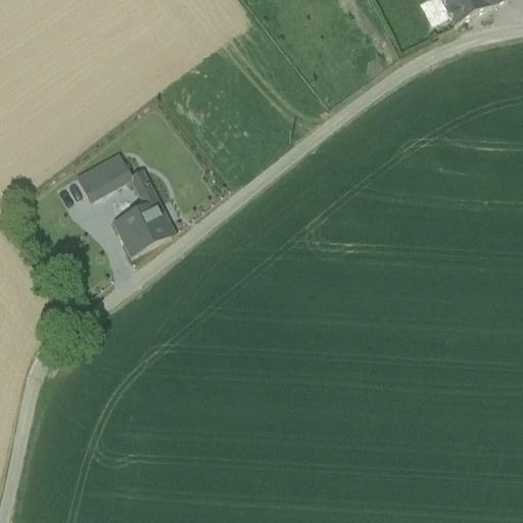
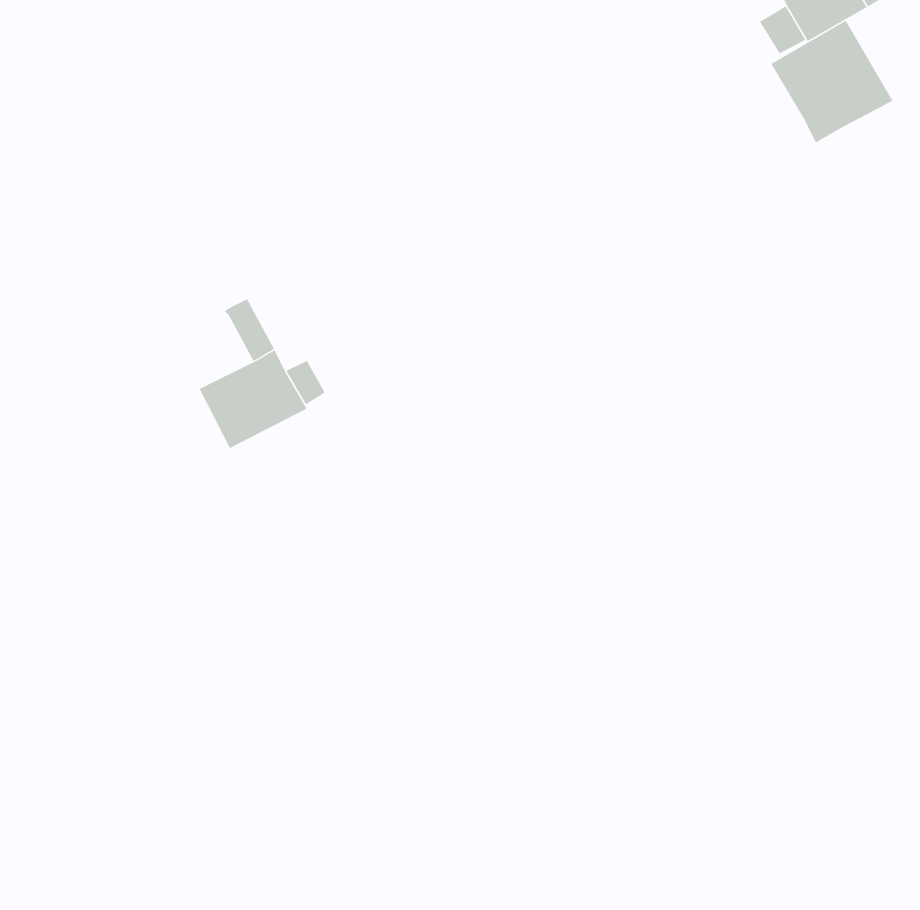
building: none -> [771,20,893,144]
building: [78,155,130,198] -> none

